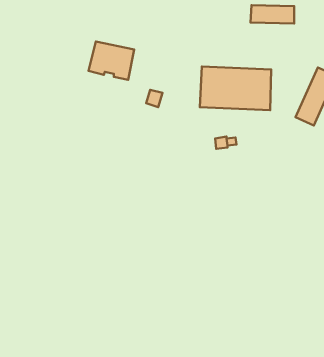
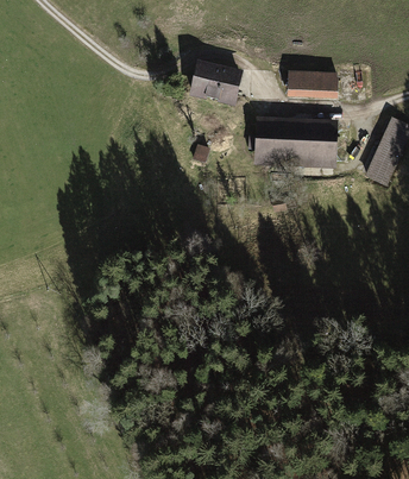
building: [251,5,294,23] -> [288,74,339,95]
building: [89,41,134,80] -> [187,59,240,105]

